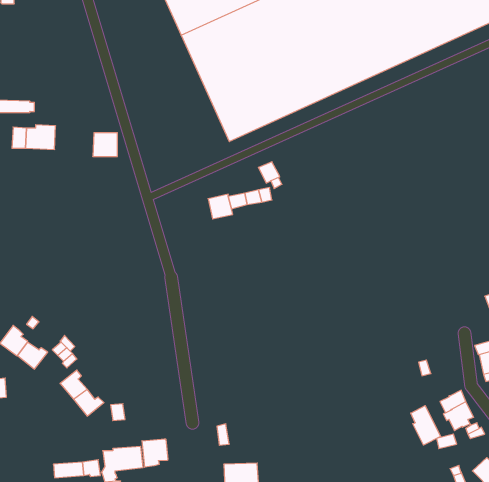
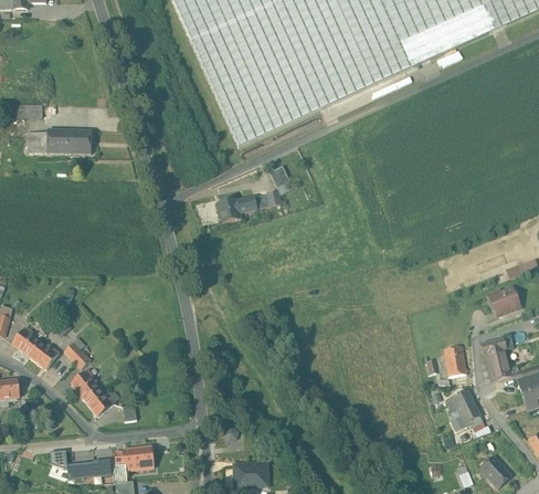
building: [93,133,117,156] -> [66,129,91,153]
building: none -> [444,347,466,377]
building: [411,406,441,445] -> none
building: [142,439,168,467] -> none

